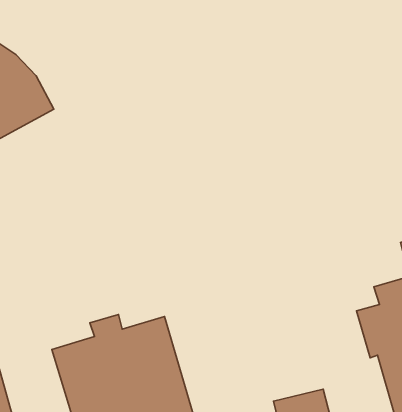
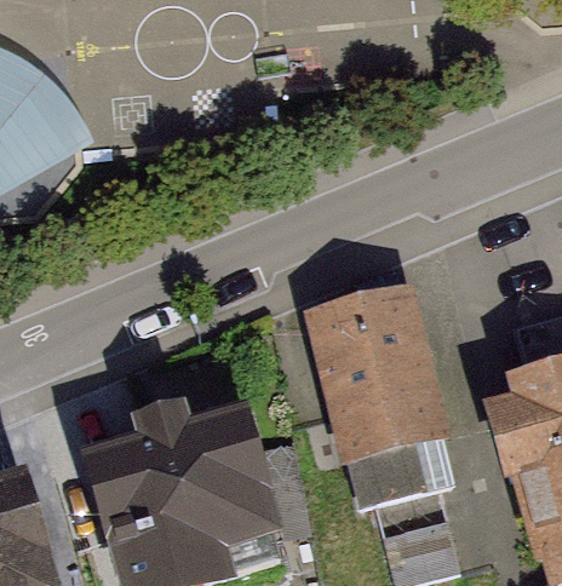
building: none -> [314,292,452,498]

